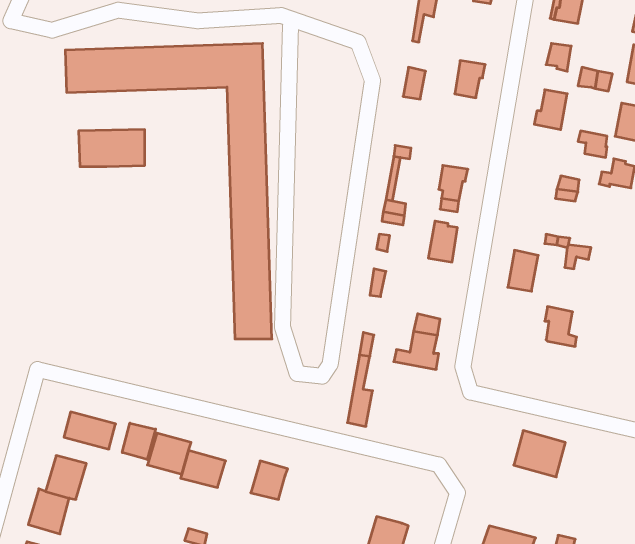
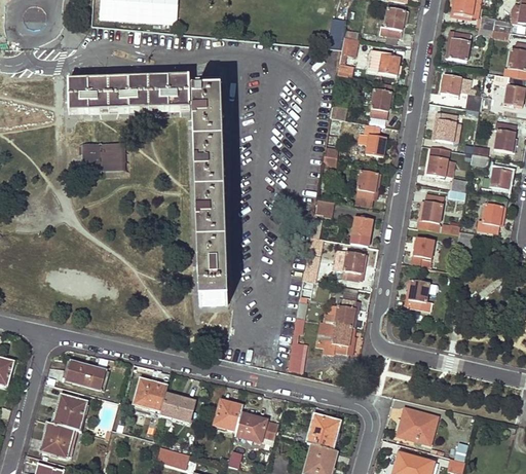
building: none -> [368,50,400,75]
building: none -> [356,123,386,156]
building: none -> [426,146,453,178]
building: none -> [418,193,444,231]
building: none -> [481,204,504,232]
building: none -> [341,251,367,281]
building: [545,307,577,346] -> [407,279,431,309]
building: none -> [318,322,355,355]
building: [122,423,156,460] -> none
building: [514,431,565,477] -> [396,407,436,443]
building: none -> [232,411,276,441]
building: none -> [303,413,336,448]

